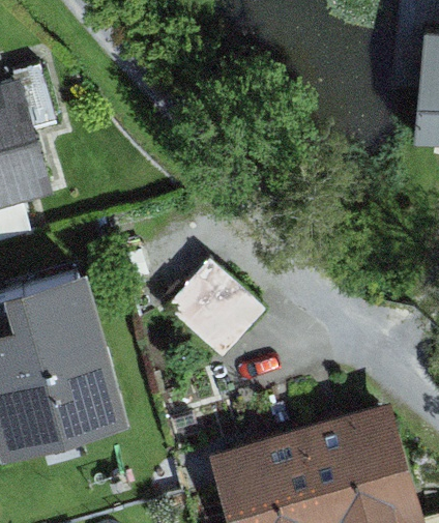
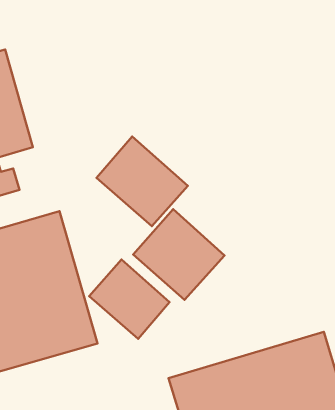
building: none -> [96,137,188,226]
building: none -> [89,260,170,339]

